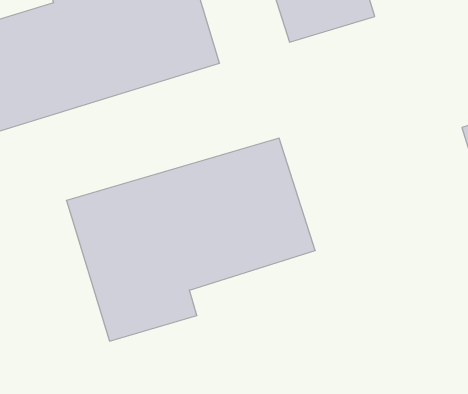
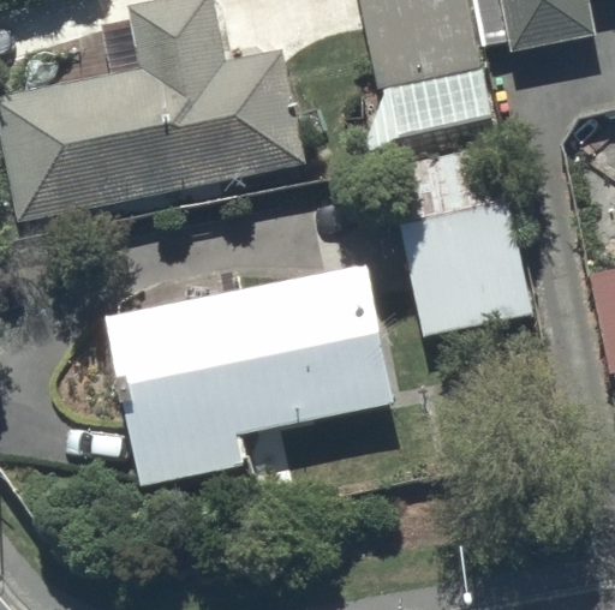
building: none -> [387,142,533,334]

